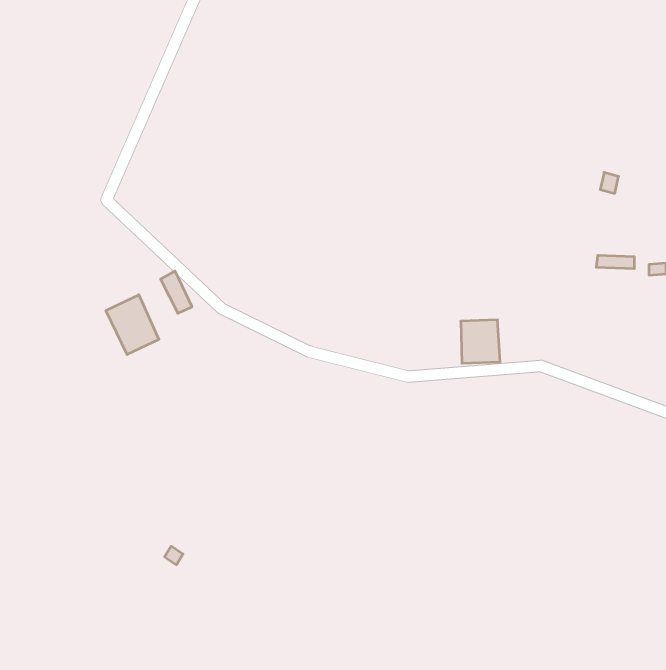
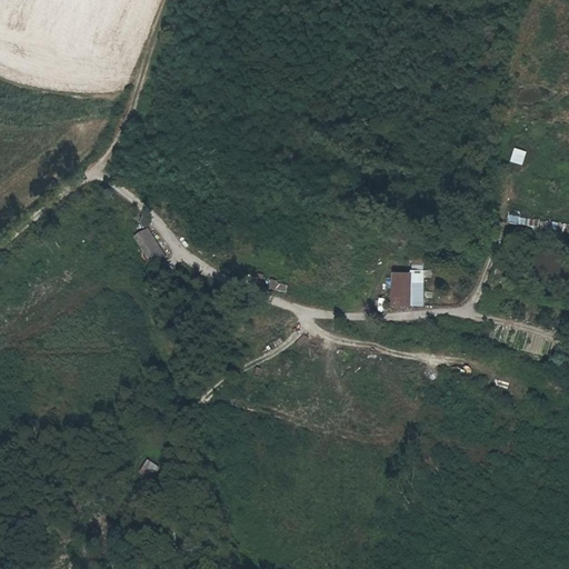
building: [106,295,159,355] -> none

